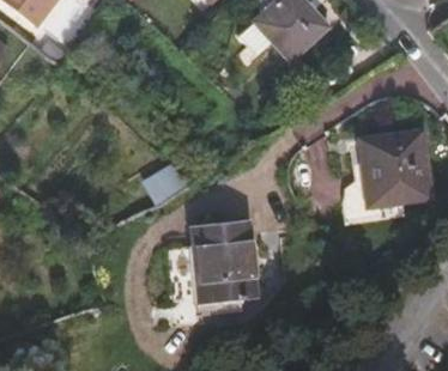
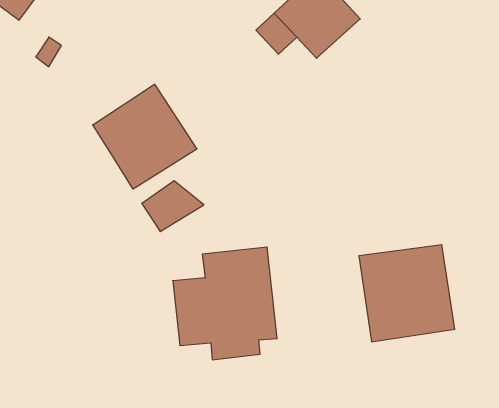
building: none -> [93,84,197,189]
building: [355,127,436,209] -> [359,245,455,342]

